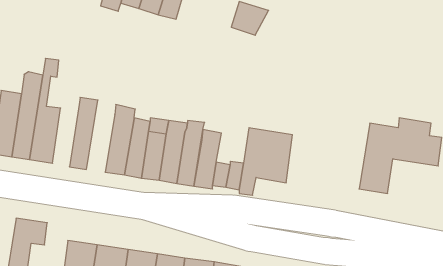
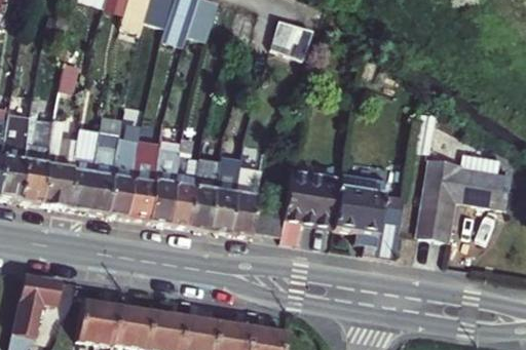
building: none -> [105,135,138,219]
building: none -> [66,138,97,212]
building: none -> [336,176,406,262]

